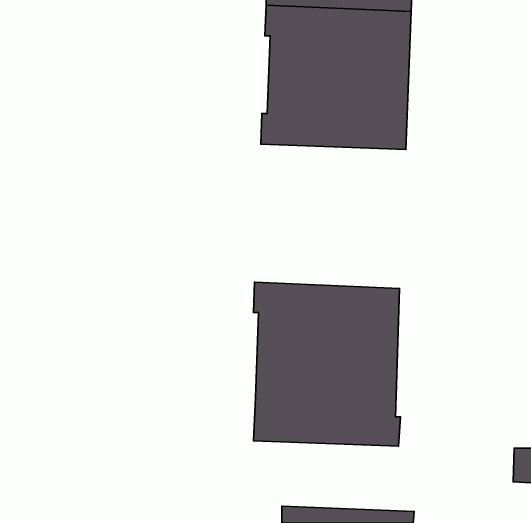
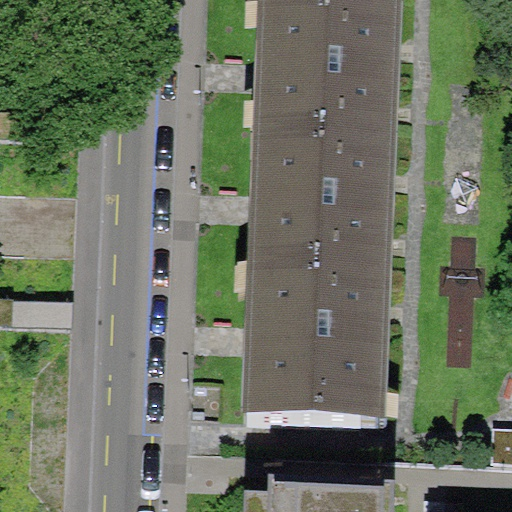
building: none -> [248,137,392,274]

